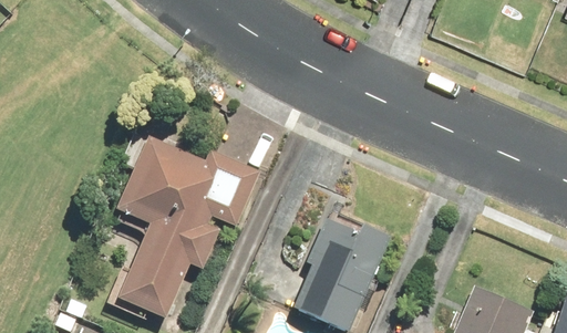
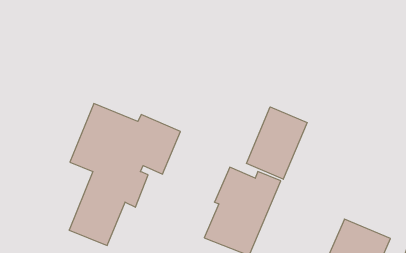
building: none -> [246,107,307,179]

